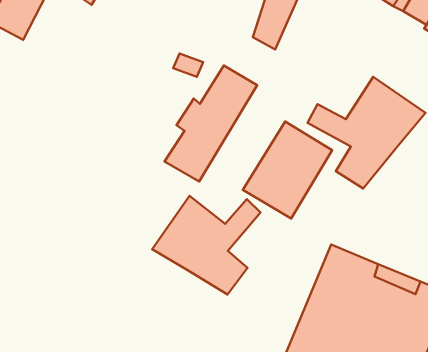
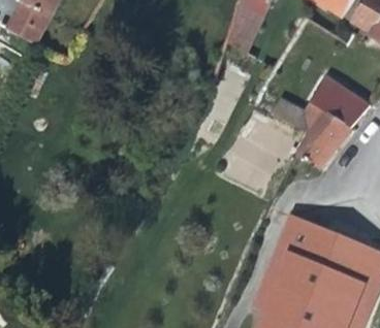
building: [164,66,257,182] -> none
building: [152,196,261,295] -> none

